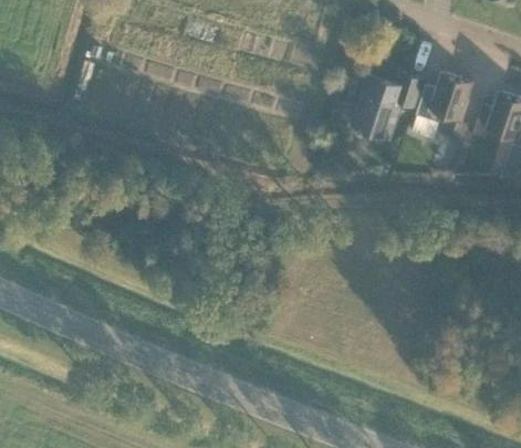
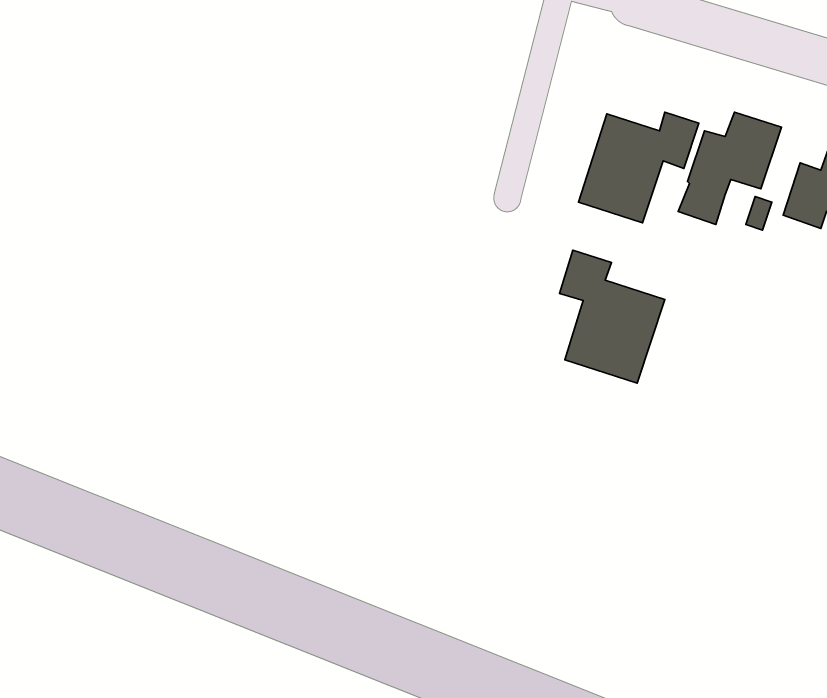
building: none -> [559,250,665,383]

